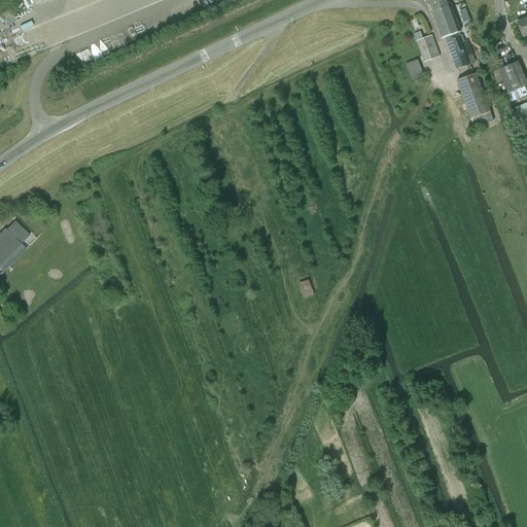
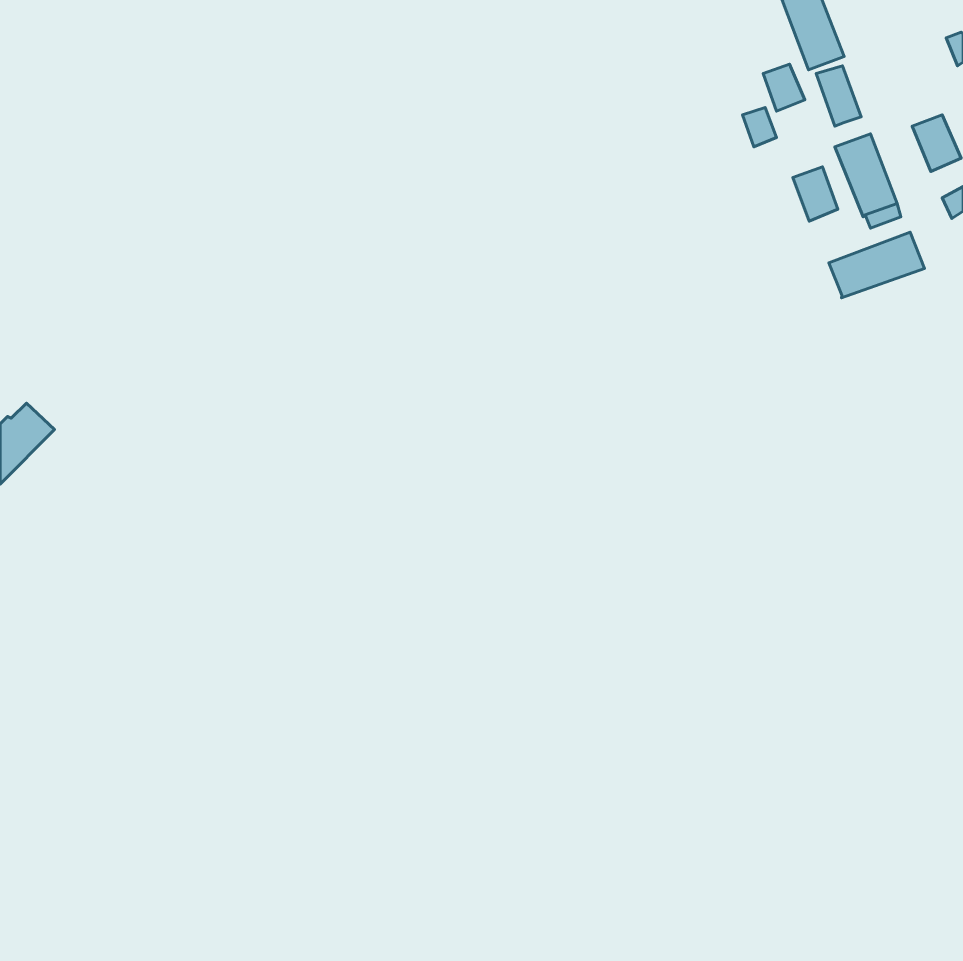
building: none -> [793,167,838,221]
building: none -> [829,232,924,298]

